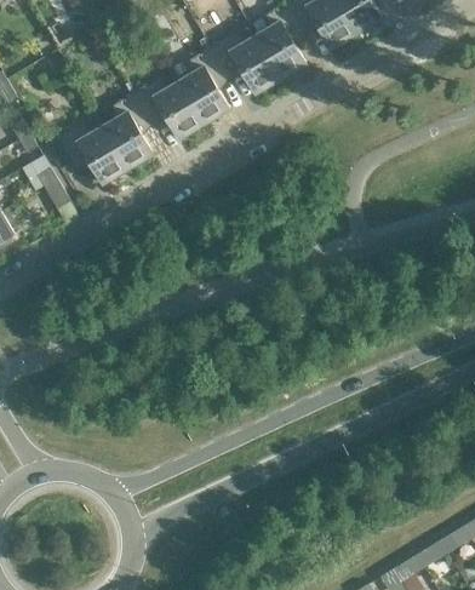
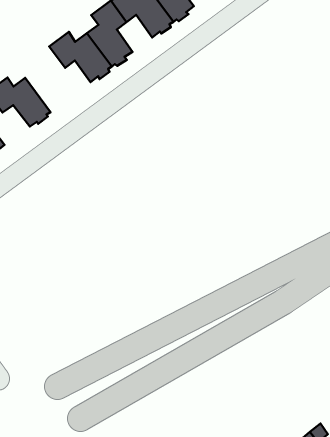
building: [102,92,153,168] -> none

